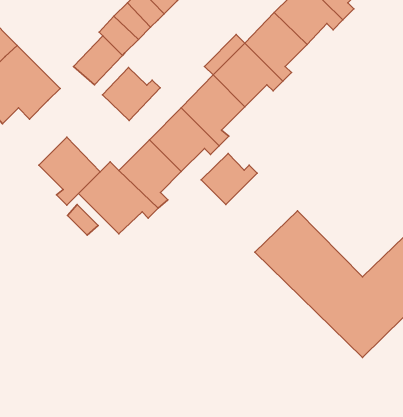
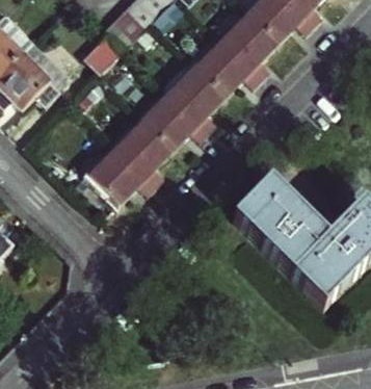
building: [102,68,160,120] -> none
building: [39,137,100,205] -> none
building: [201,153,257,204] -> none

